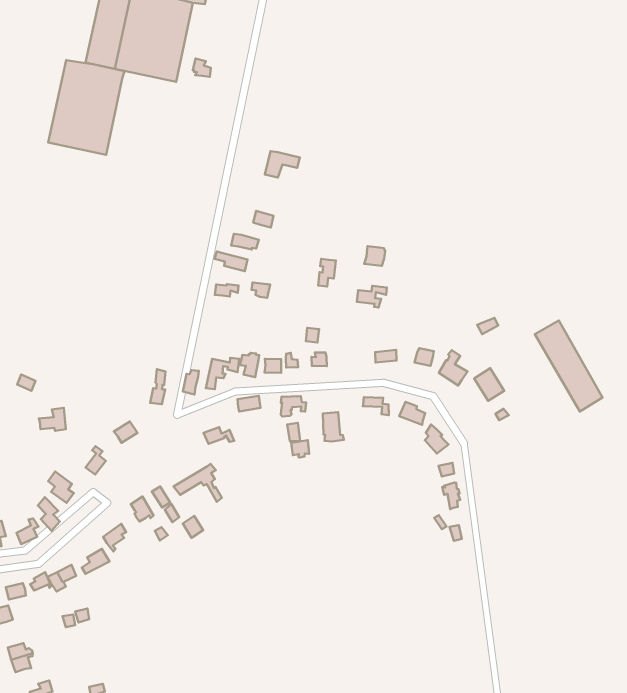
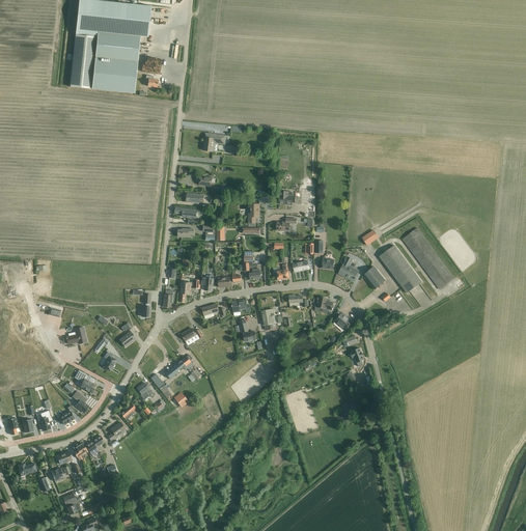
building: [48,60,125,155] -> none
building: none -> [379,244,421,292]

